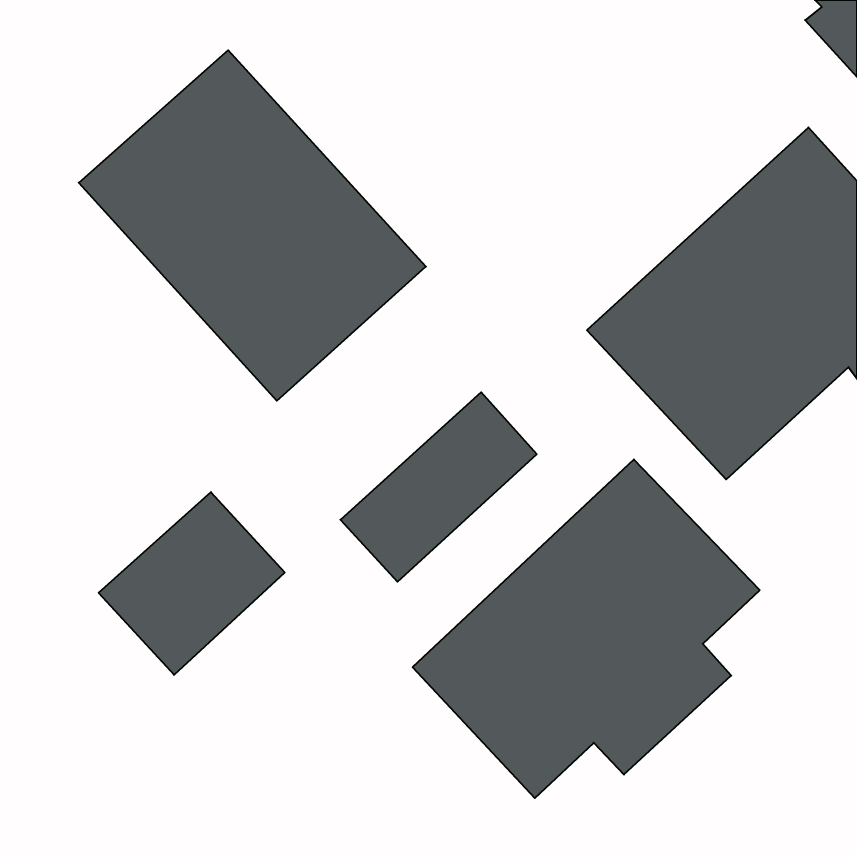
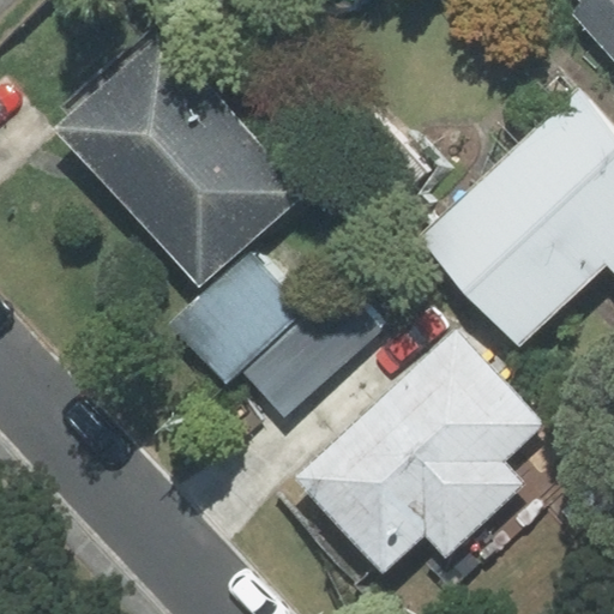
building: [99,492,285,675] -> [171,252,305,383]

